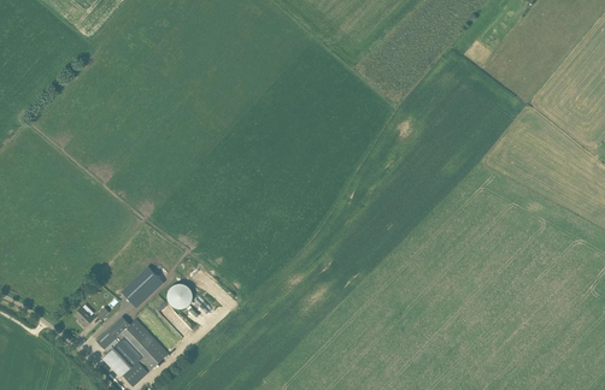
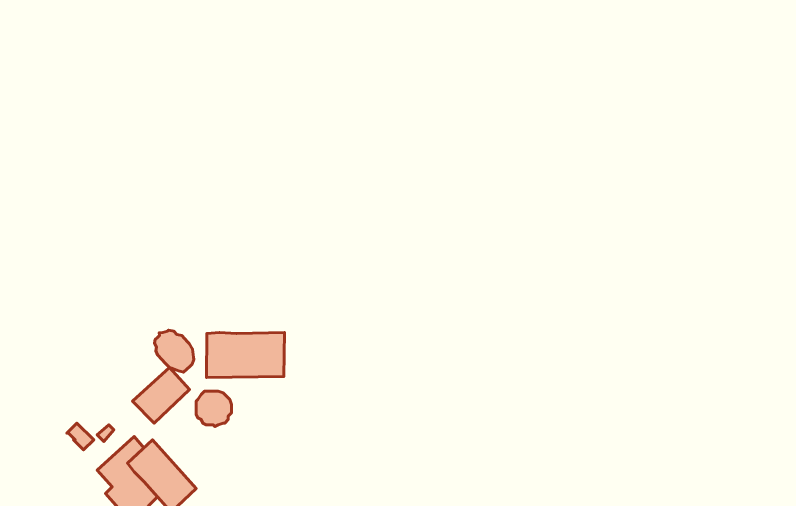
building: none -> [155,330,194,372]
building: none -> [206,333,284,377]

